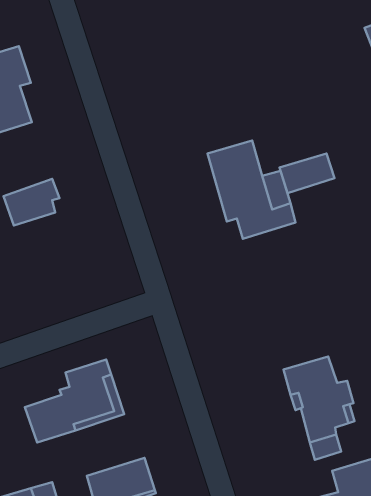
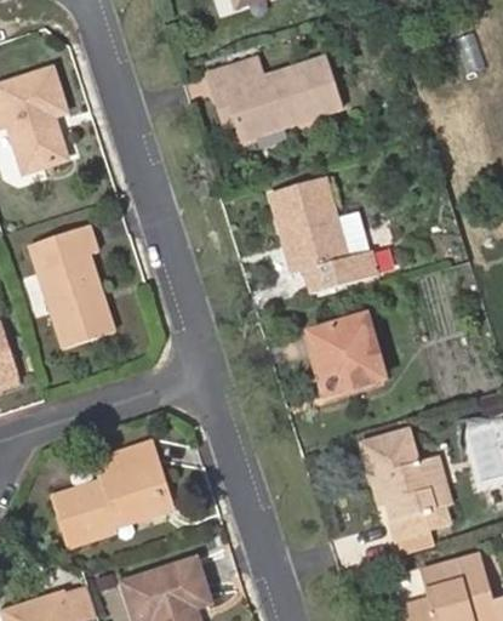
building: none -> [207,57,342,143]
building: [280,153,334,193] -> none
building: none -> [39,263,110,346]
building: none -> [308,315,389,397]

